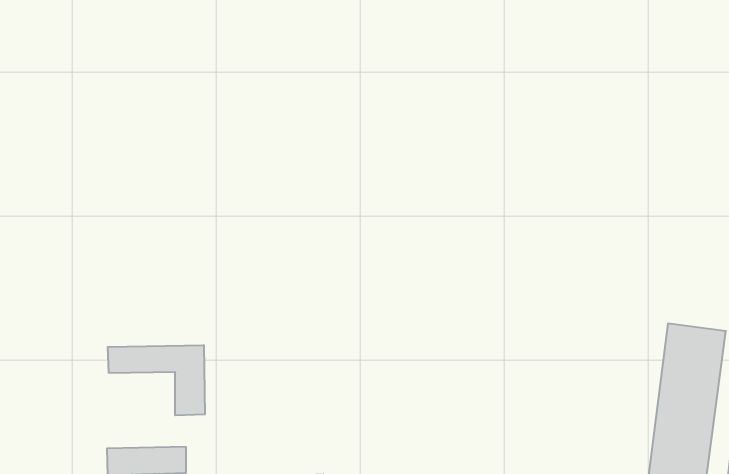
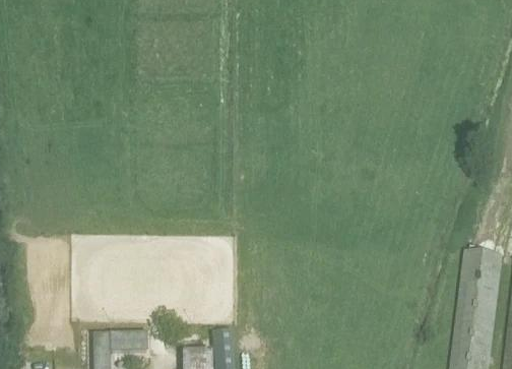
building: [108,345,205,415] -> none

